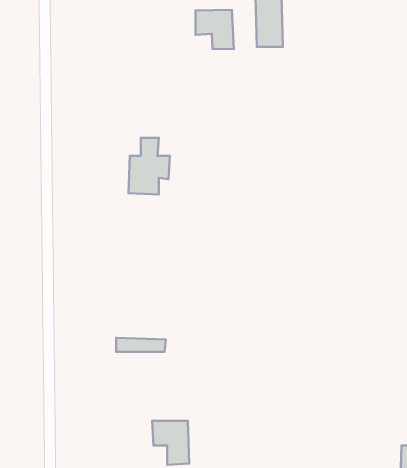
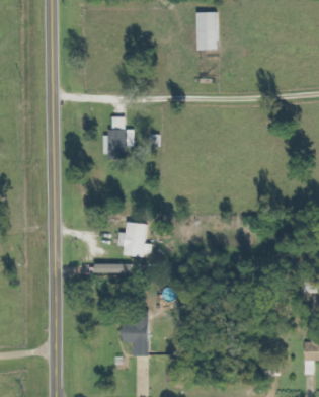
building: [195,10,234,49] -> none
building: none -> [117,222,148,257]

